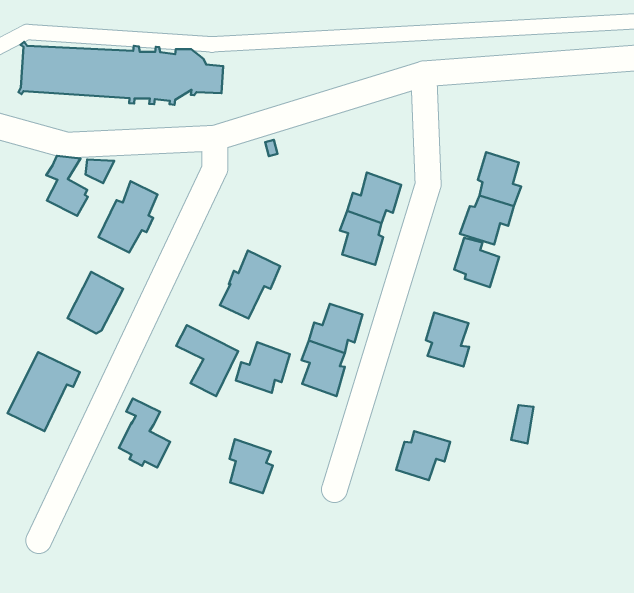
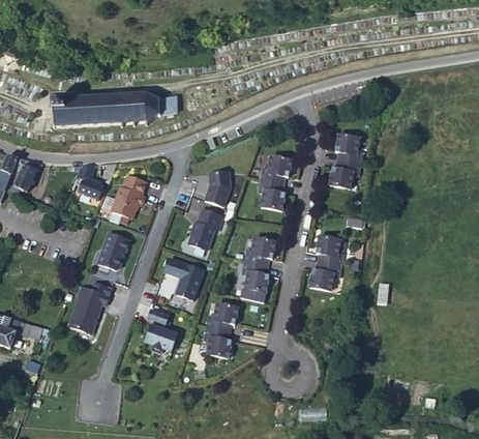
building: none -> [205,172,231,207]
building: [454,238,499,287] -> none
building: [236,342,290,393] -> [207,300,238,330]
building: [396,431,450,480] -> [310,261,341,290]

